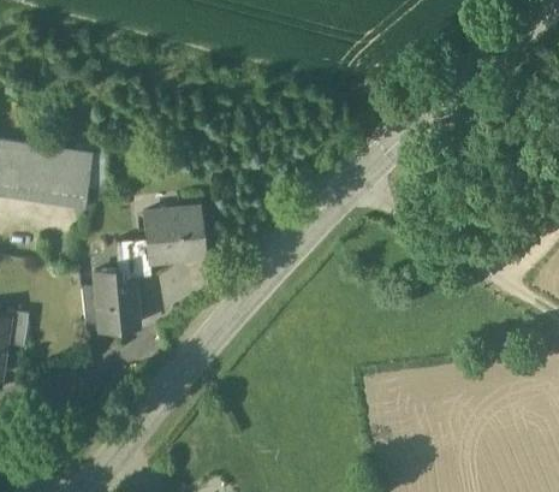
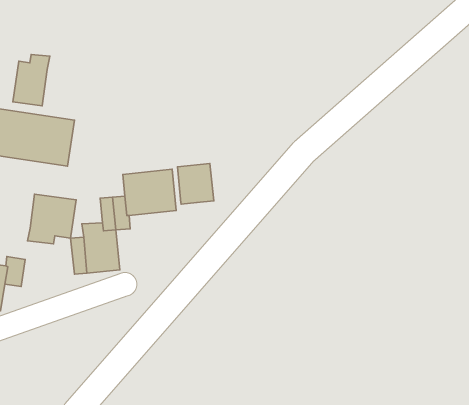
building: none -> [13,54,50,106]
building: none -> [177,163,214,204]
building: none -> [27,194,76,244]

